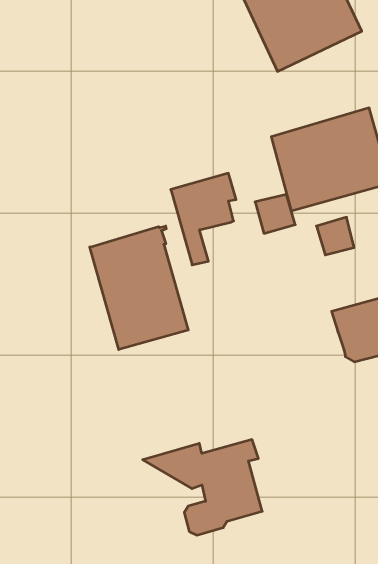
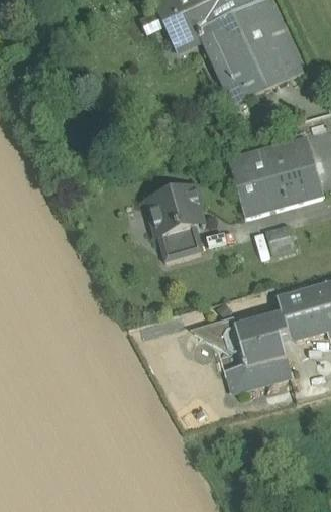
building: [255,194,295,233] -> [172,226,204,257]
building: [90,226,188,350] -> none
building: [143,440,262,535] -> [195,313,291,390]

